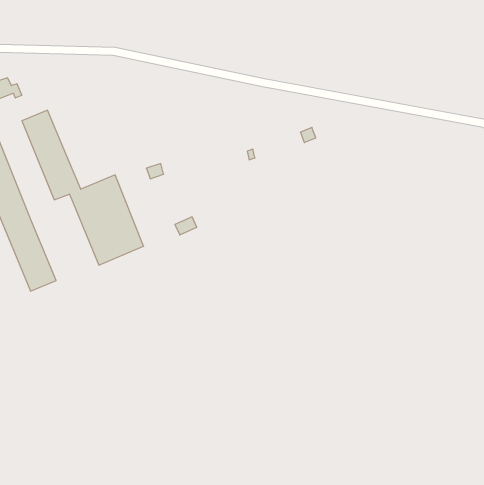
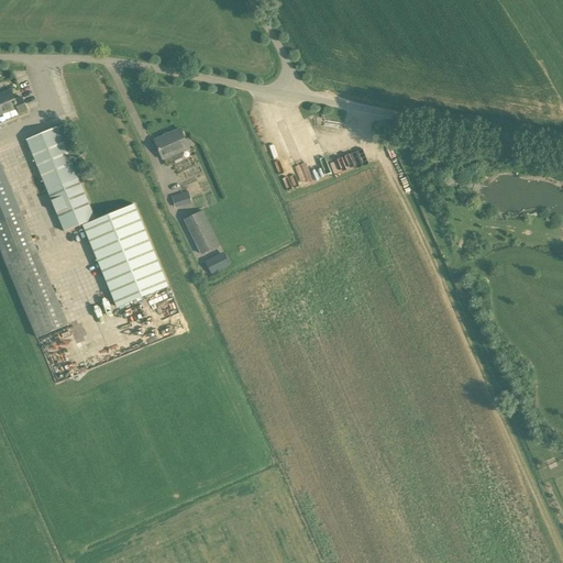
building: none -> [153,129,186,159]
building: none -> [183,209,218,253]

